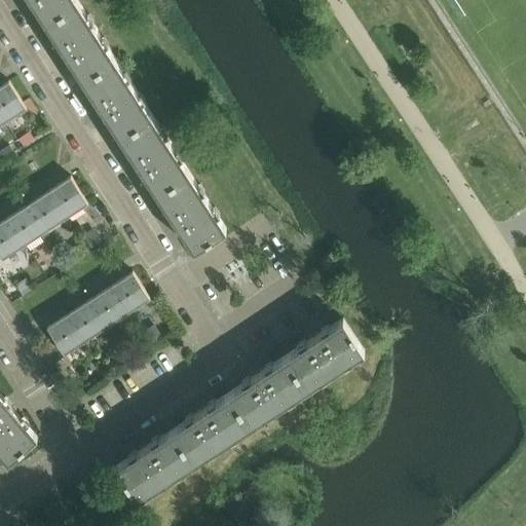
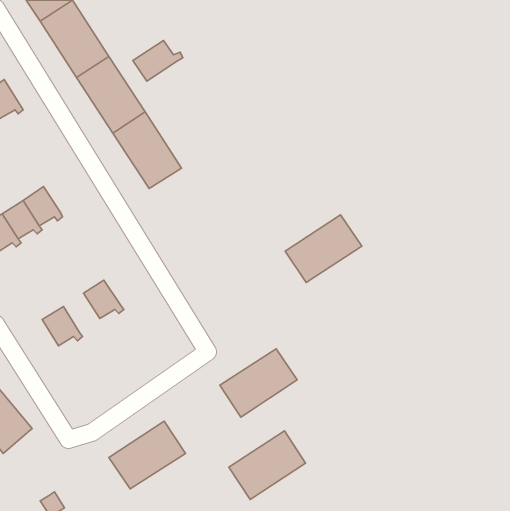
building: none -> [133,40,183,81]
building: [152,176,222,254] -> none
building: [44,181,85,221] -> none
building: [106,275,147,315] -> none
building: [65,303,105,343] -> none
building: [281,323,360,391] -> [285,215,362,282]
building: [167,397,246,466] -> [229,431,306,499]

